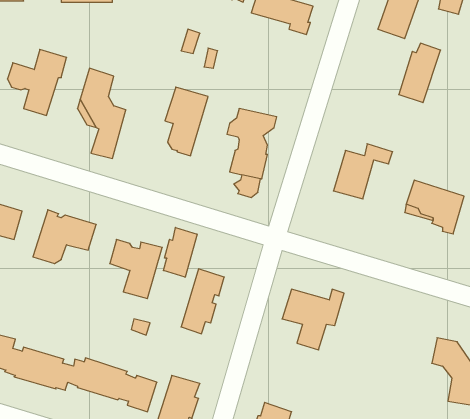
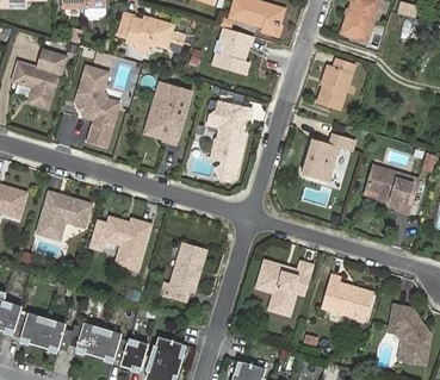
building: none -> [117,14,173,49]
building: none -> [212,27,250,75]
building: [399,43,441,103] -> [317,57,354,110]
building: [163,227,197,277] -> none
building: none -> [321,273,373,320]

